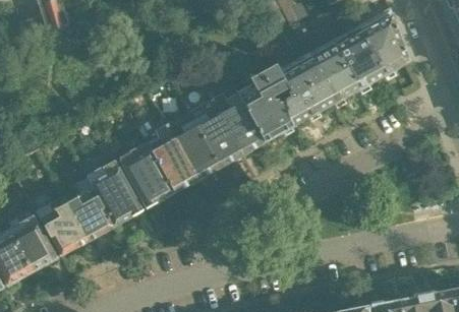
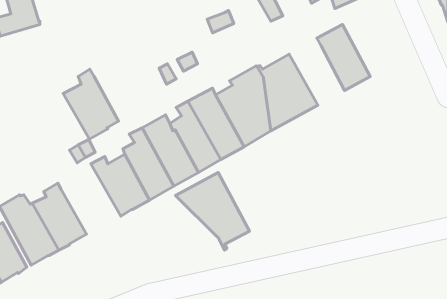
building: [357,7,408,74] -> none
building: [306,38,359,102] -> none
building: [89,159,141,226] -> [63,69,119,139]
building: none -> [176,172,249,250]

